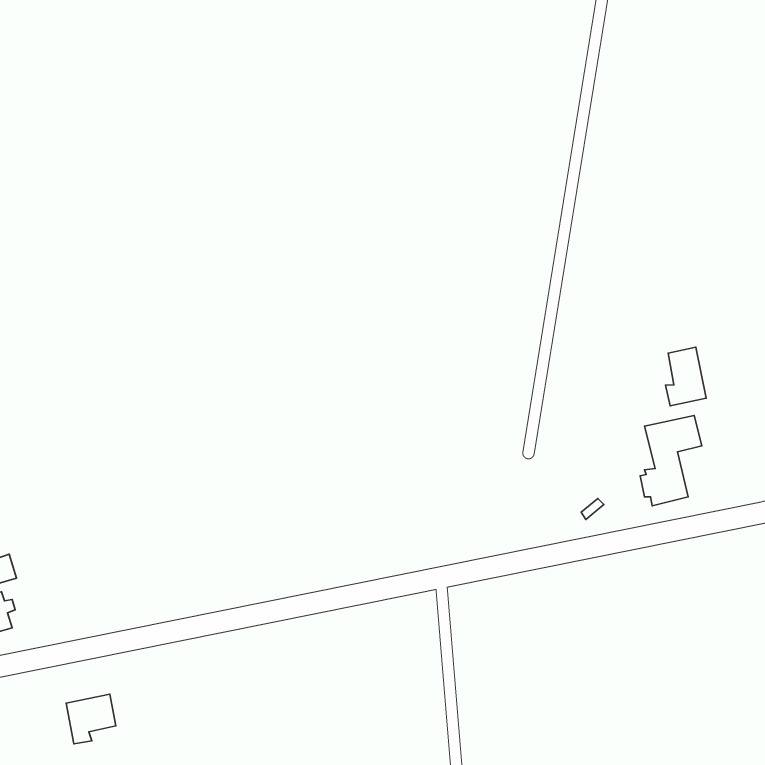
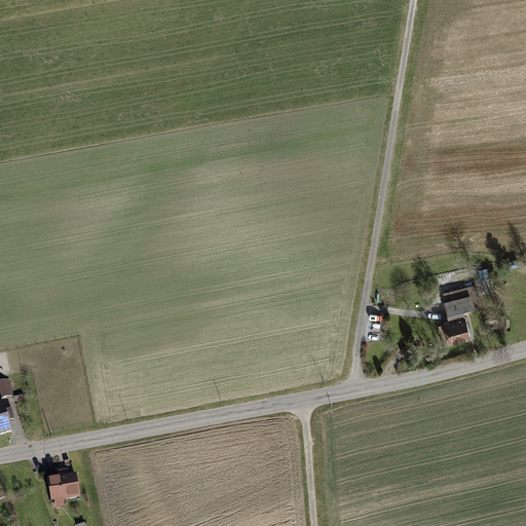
building: [665,347,706,406] -> none

